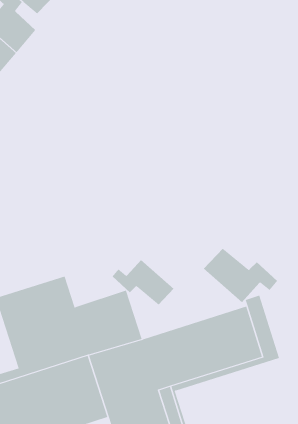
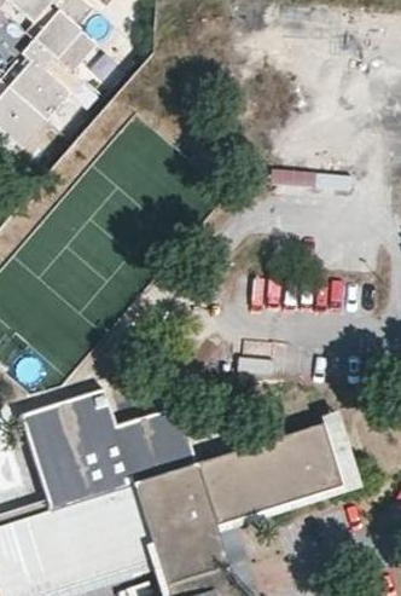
building: [203,248,278,303] -> none
building: [112,259,174,305] -> none

